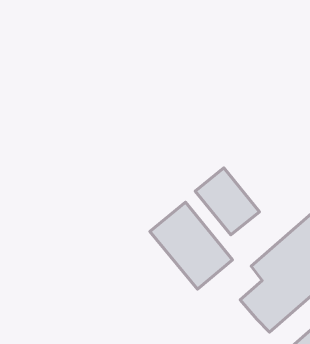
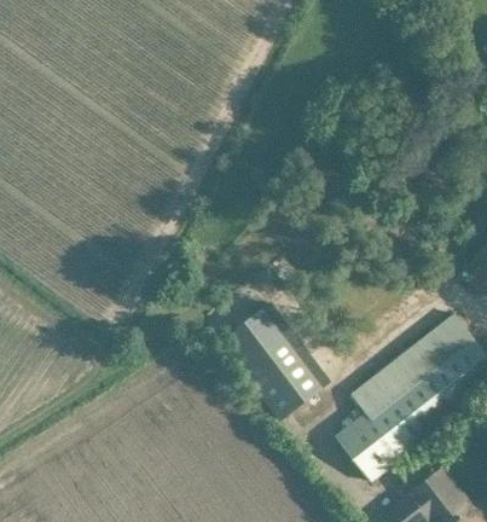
building: [195,168,259,235] -> none

